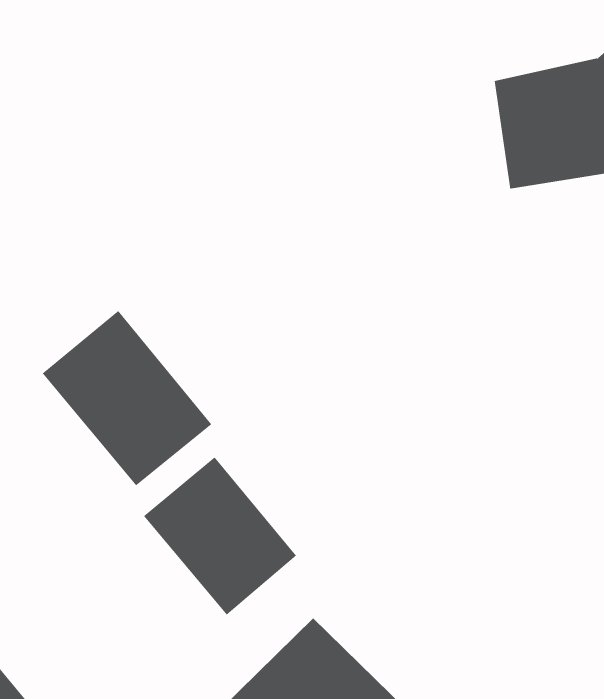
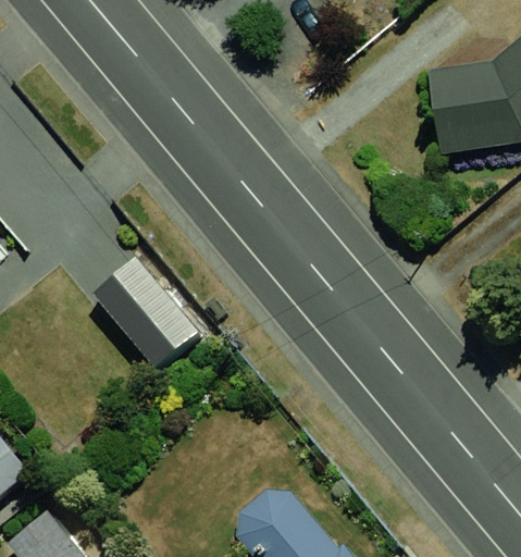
building: [143,457,297,615] -> none

